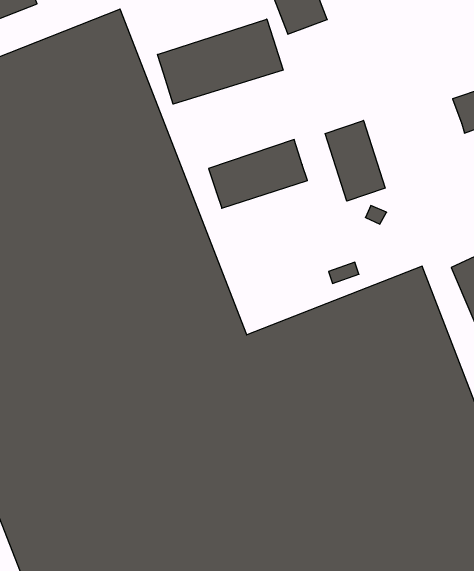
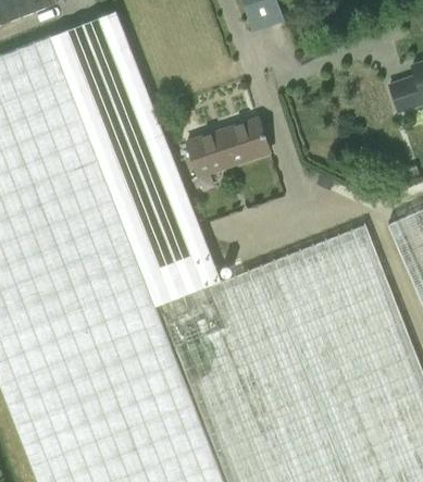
building: [158,19,283,104] -> none
building: [325,120,385,201] -> none

